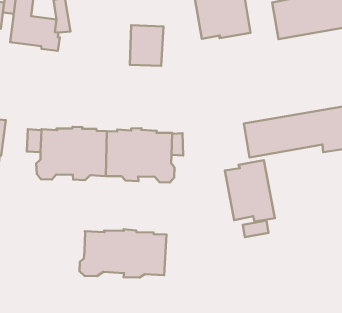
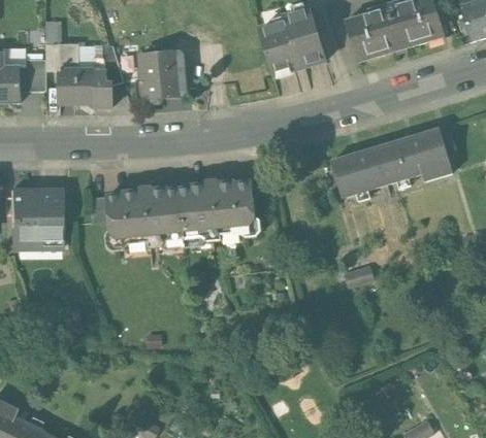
building: [130,25,163,66] -> [140,50,180,98]
building: [225,160,275,222] -> none
building: [79,229,166,278] -> none

